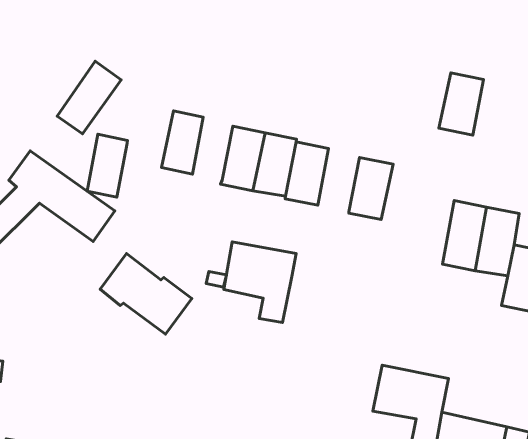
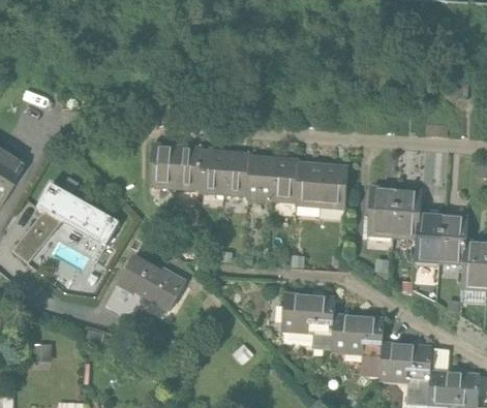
building: [57,61,121,134] -> none
building: [439,73,483,135] -> [319,163,348,208]
building: [87,134,128,197] -> [175,145,201,190]
building: none -> [271,157,299,202]
building: [224,242,296,323] -> [283,293,334,349]

